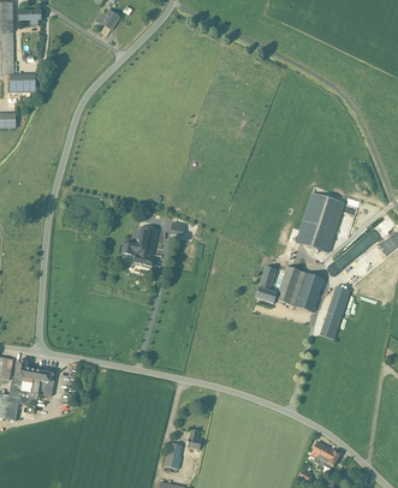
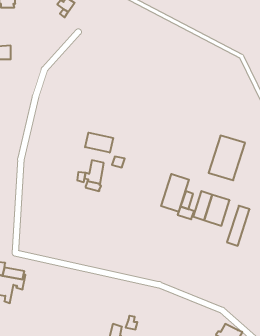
building: none -> [85,133,113,153]
building: none -> [161,174,189,212]

